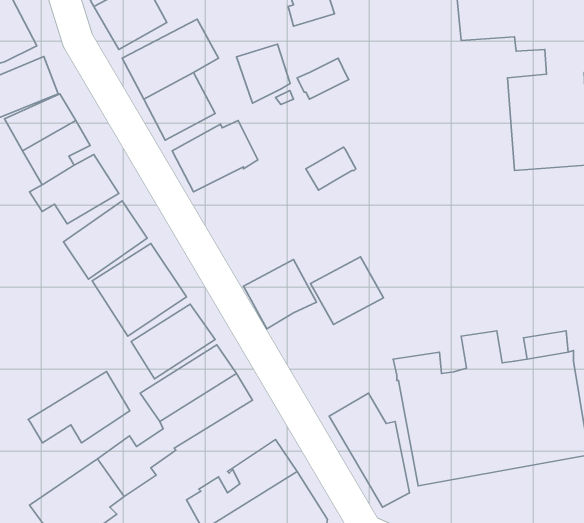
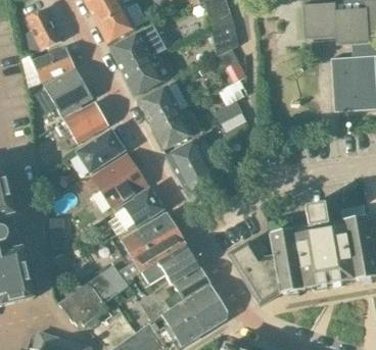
building: [237,44,290,103] -> [208,21,239,55]
building: none -> [151,109,193,148]
building: [310,257,384,325] -> [167,139,208,178]
building: [28,371,130,443] -> [140,243,198,284]

